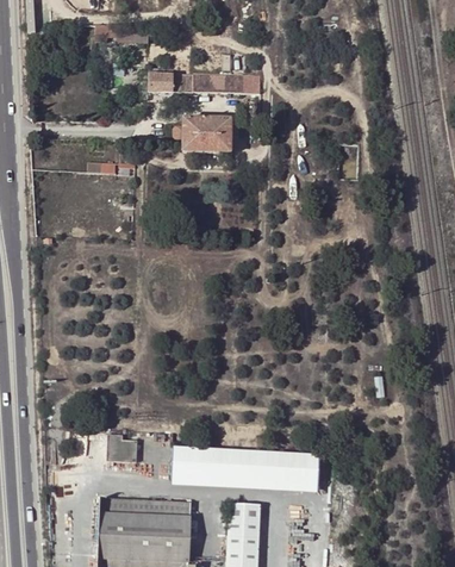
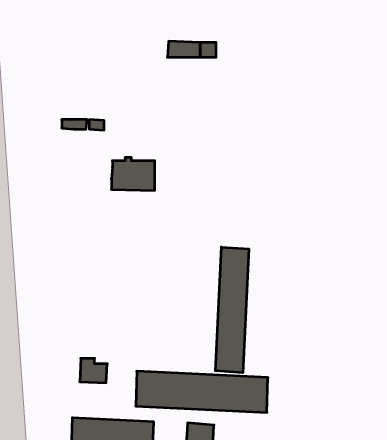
building: [147,70,207,92] -> none
building: [181,114,230,151] -> [111,158,155,190]
building: none -> [215,247,249,373]

